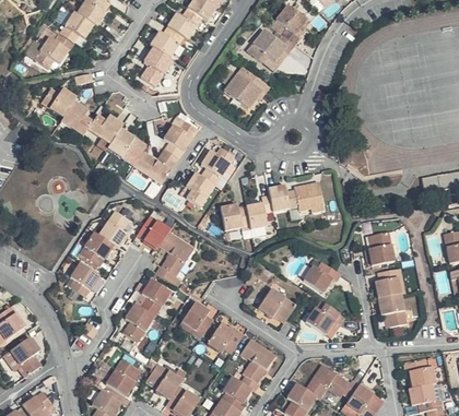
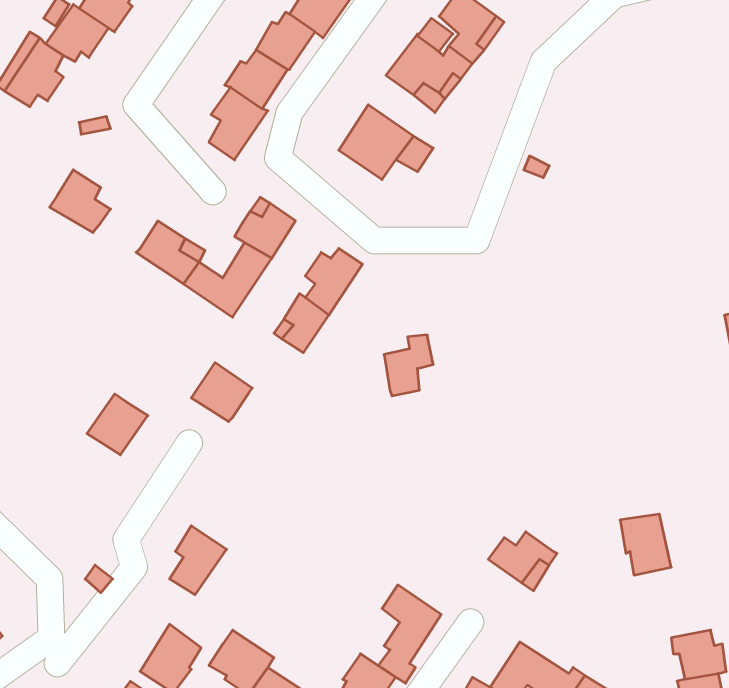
building: [42,87,76,117] -> none
building: [87,117,122,146] -> none
building: [267,182,323,213] -> none
building: [221,204,248,229] -> none
building: [102,205,132,243] -> none
building: [157,227,196,278] -> none
building: [366,231,392,264] -> none
building: [69,259,102,293] -> none
building: [299,260,338,289] -> none
building: [373,269,402,297] -> none
building: [138,276,174,313] -> none
building: [256,288,292,321] -> none
building: [180,297,213,334] -> none
building: [209,321,244,348] -> none

